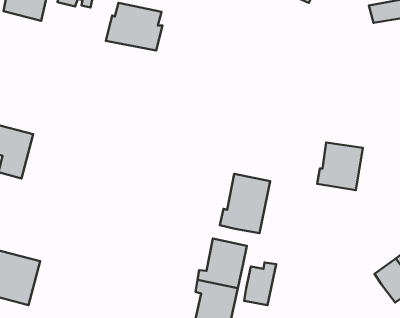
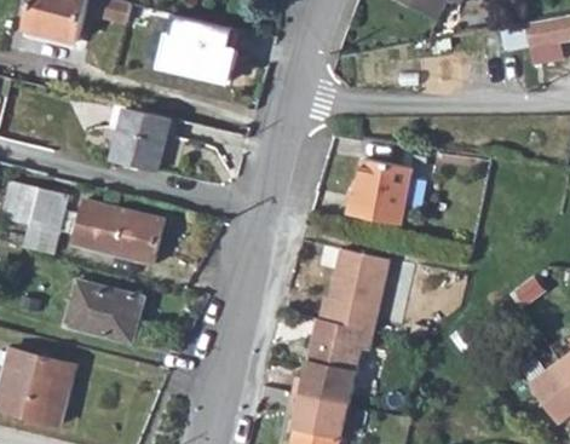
building: none -> [115,105,173,168]
building: none -> [74,200,166,265]
building: [317,142,363,190] -> [346,156,408,220]
building: none -> [65,282,144,344]
building: [244,262,276,305] -> none

